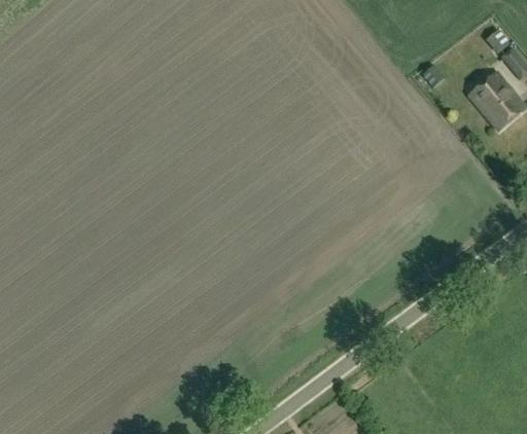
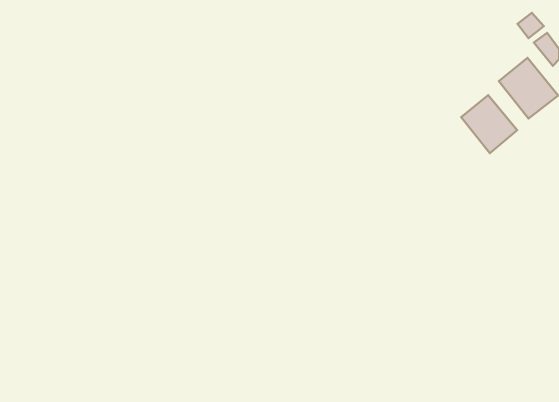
building: none -> [461,95,517,153]

